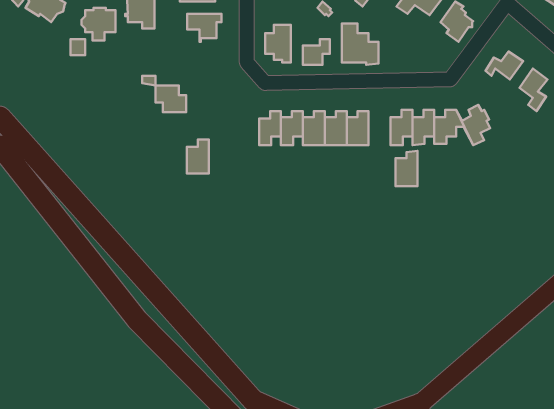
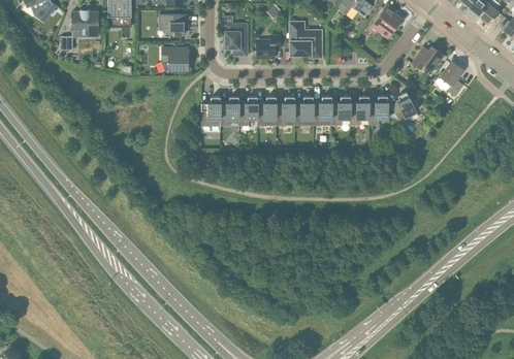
building: [156,86,186,112] -> [162,47,188,70]
building: [187,140,209,174] -> [201,97,220,126]
building: [396,151,418,186] -> [313,96,331,126]

